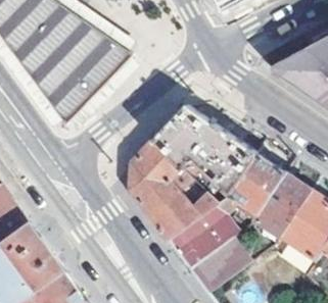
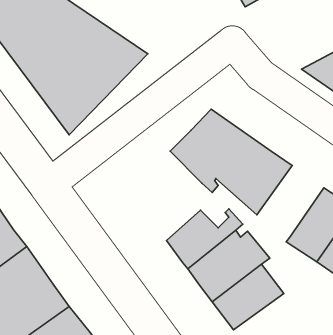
building: [129,139,181,216] -> none
building: [210,151,287,213] -> none

